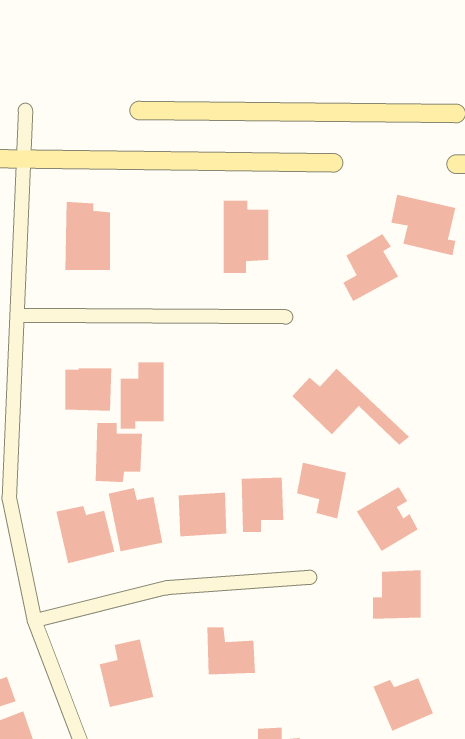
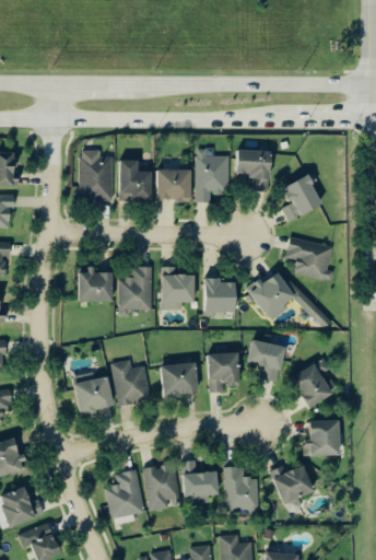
building: [390,194,456,256] -> [285,237,333,282]
building: none -> [237,150,272,191]
building: none -> [119,161,153,200]
building: none -> [157,170,191,201]
building: none -> [204,278,237,314]
building: [95,423,143,483] -> [161,267,196,311]
building: none -> [143,464,179,511]
building: none -> [224,466,259,510]
building: [373,678,434,731] -> [270,464,315,503]

